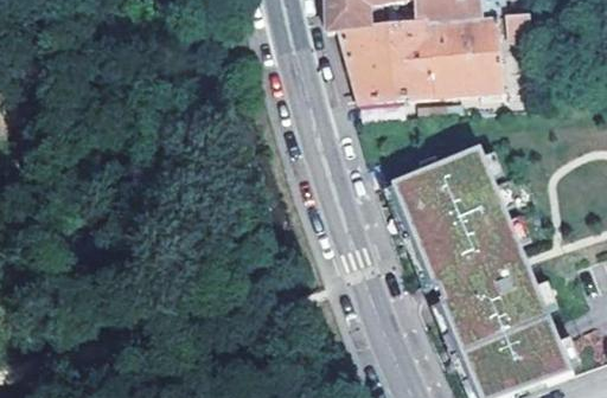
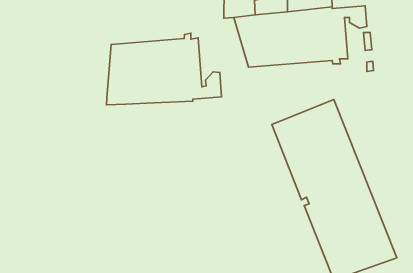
building: none -> [106,33,222,105]

